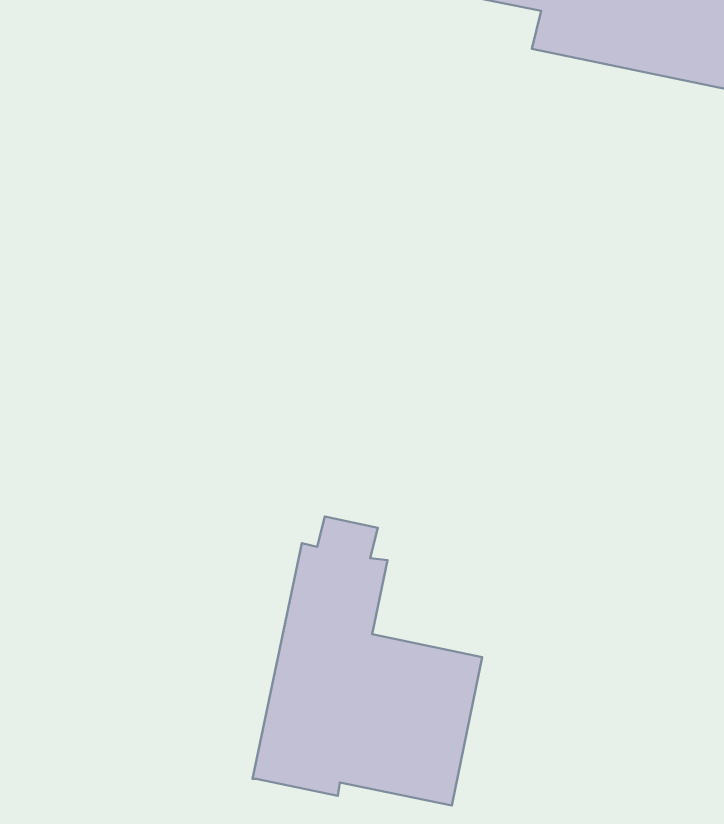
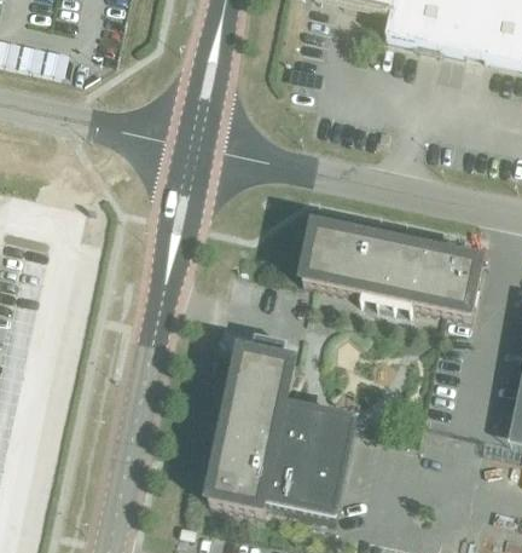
building: none -> [302,224,481,315]

